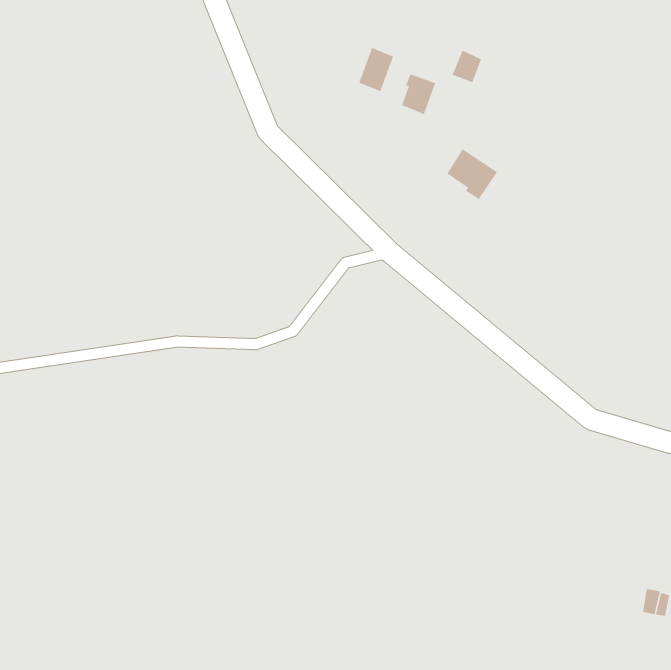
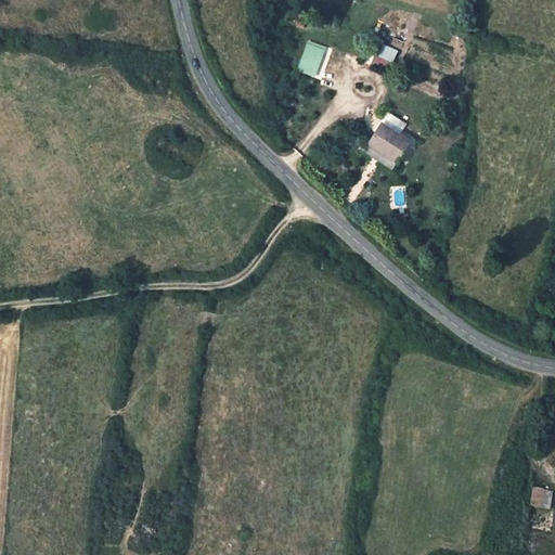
building: [401,73,436,115] -> none

